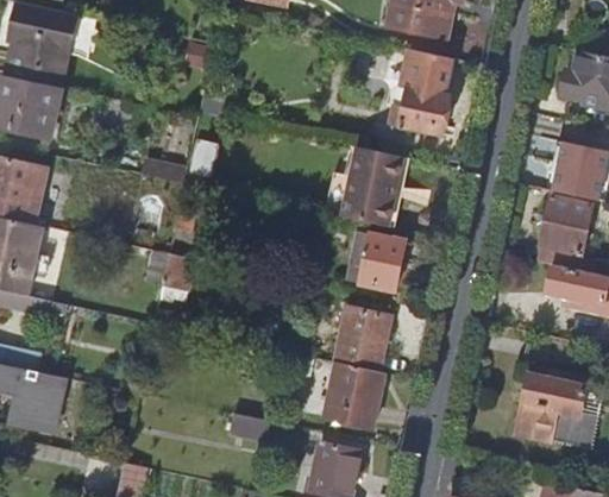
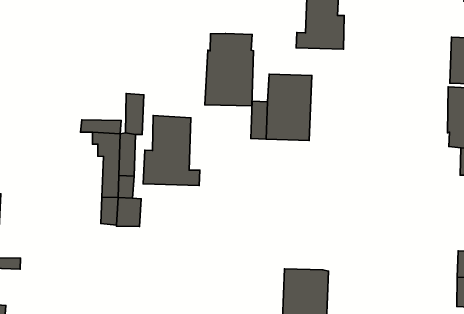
building: none -> [205,33,254,106]
building: none -> [143,116,200,186]
building: [362,233,407,290] -> none
building: [335,308,391,371] -> none

